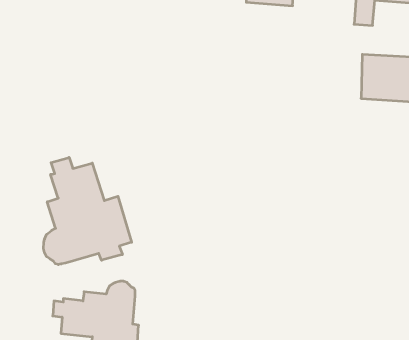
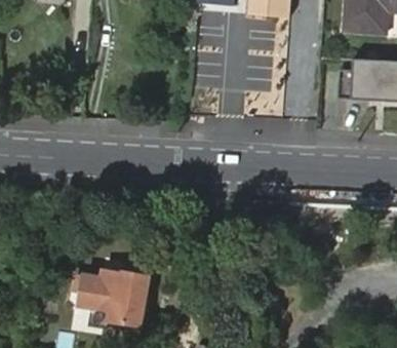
building: [43,157,132,265] -> none

